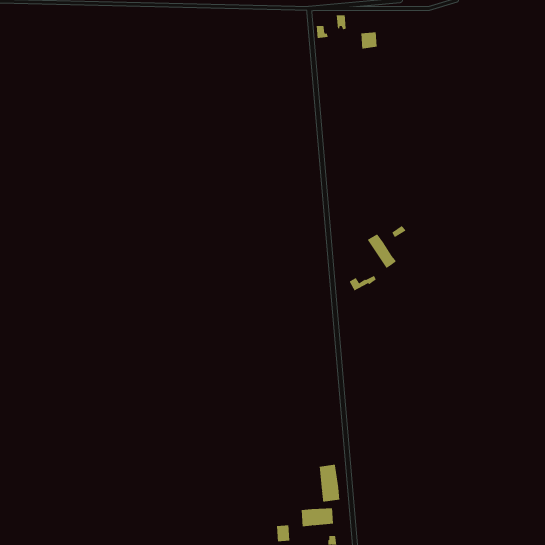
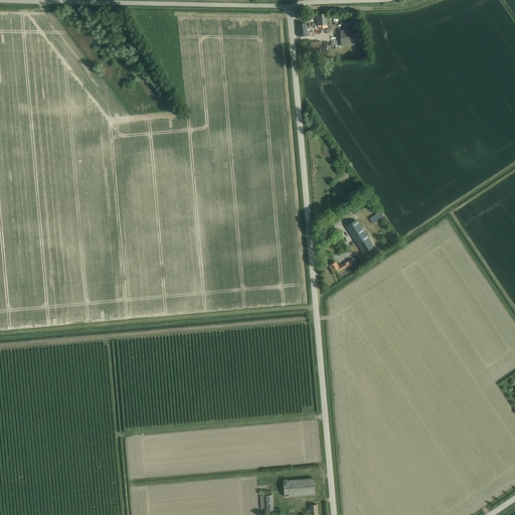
building: [319,464,340,503] -> none

